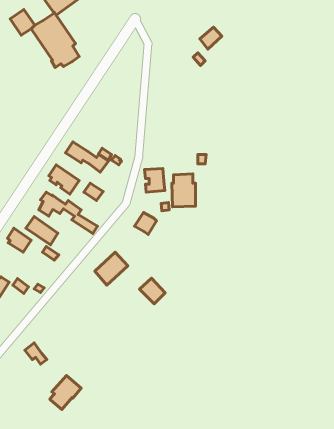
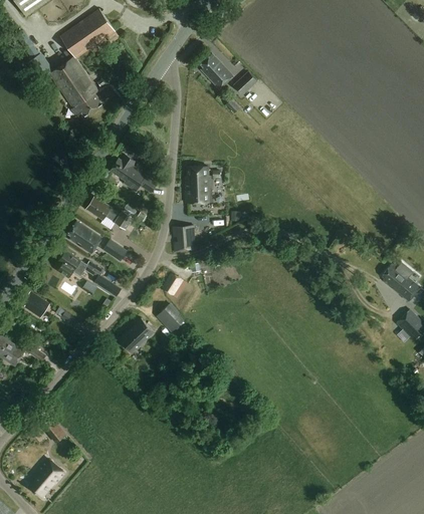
building: none -> [200,54,233,89]
building: none -> [111,155,158,193]
building: [172,174,196,207] -> [185,167,211,203]
building: [26,216,58,245] -> none
building: [140,278,165,304] -> [156,304,184,332]
building: [50,375,81,409] -> [29,460,63,497]

